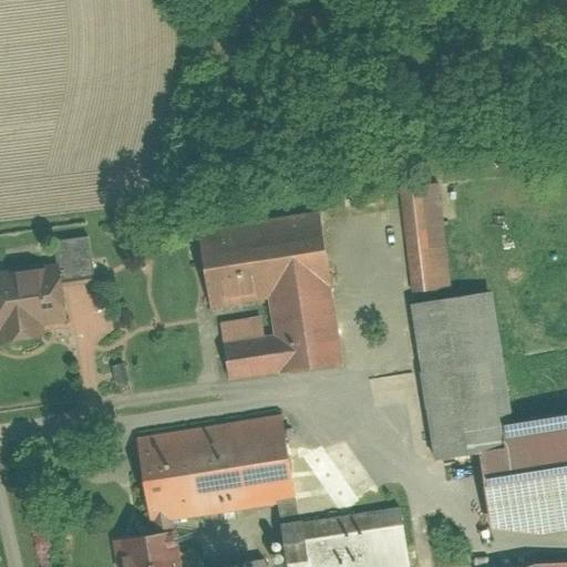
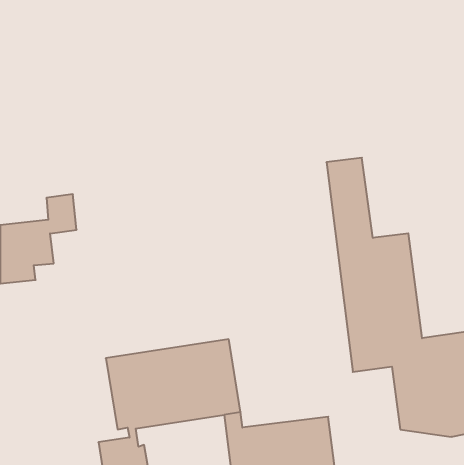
building: [198,214,342,380] -> none

